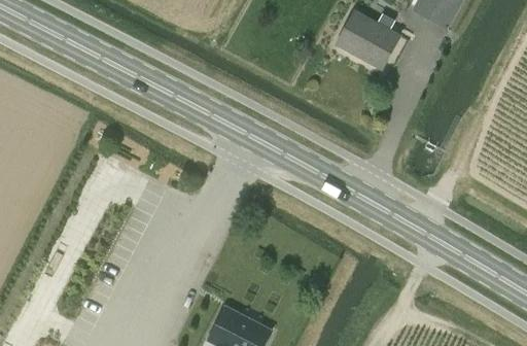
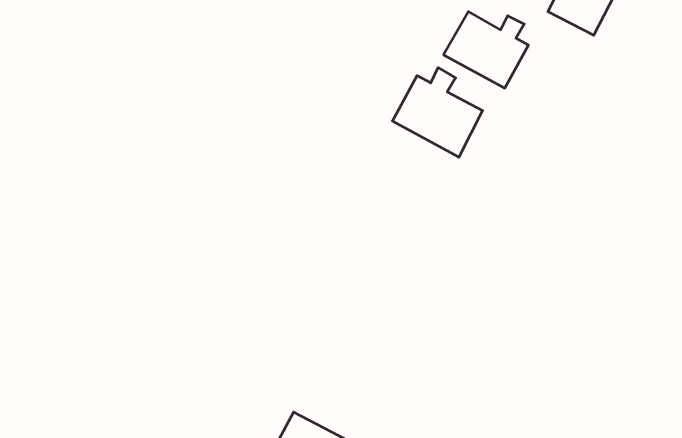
building: none -> [392,68,483,157]

